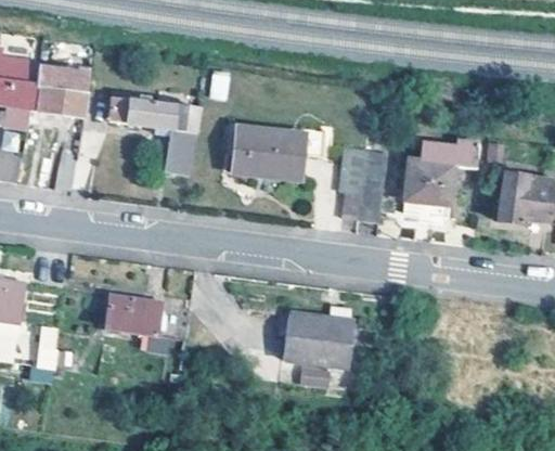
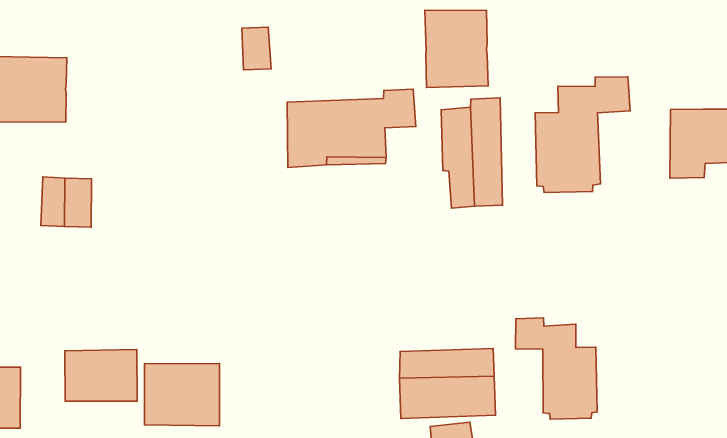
building: none -> [425,10,488,88]
building: [85,90,197,176] -> none
building: none -> [65,350,137,401]
building: none -> [515,318,597,419]

